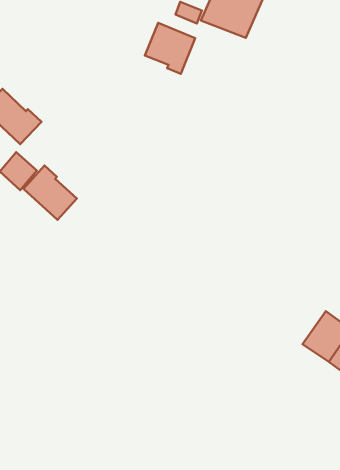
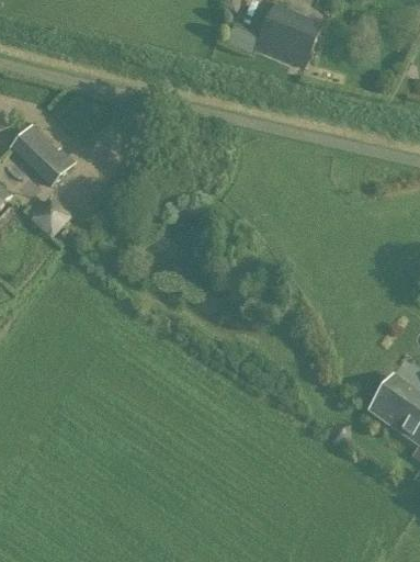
building: [145,23,195,74] -> none
building: [23,165,77,220] -> none

